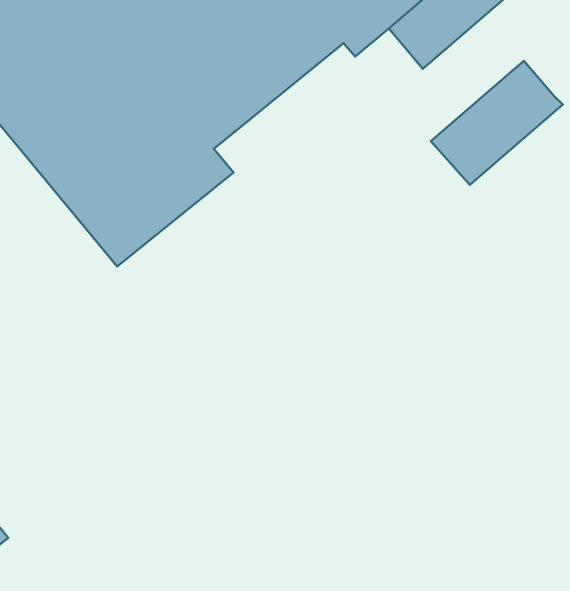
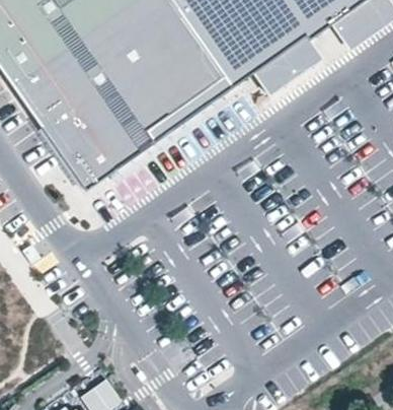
building: [431,61,563,185] -> none

